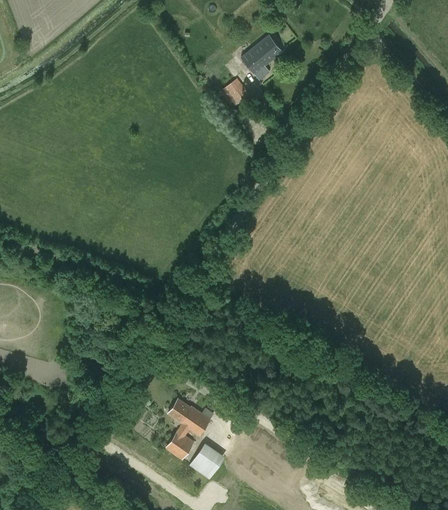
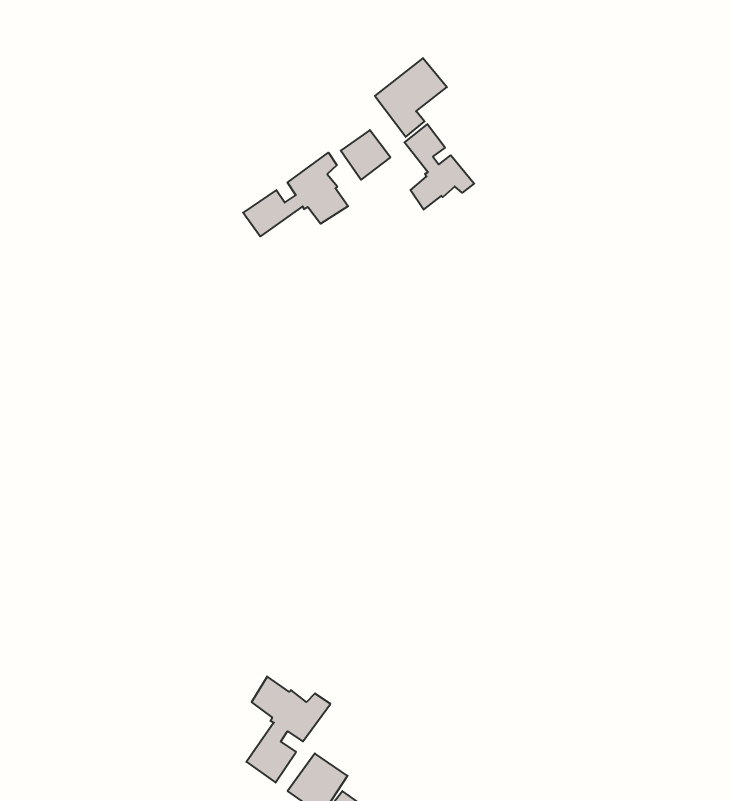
building: none -> [404,124,474,210]
building: none -> [243,153,348,236]

